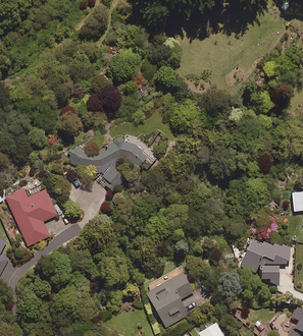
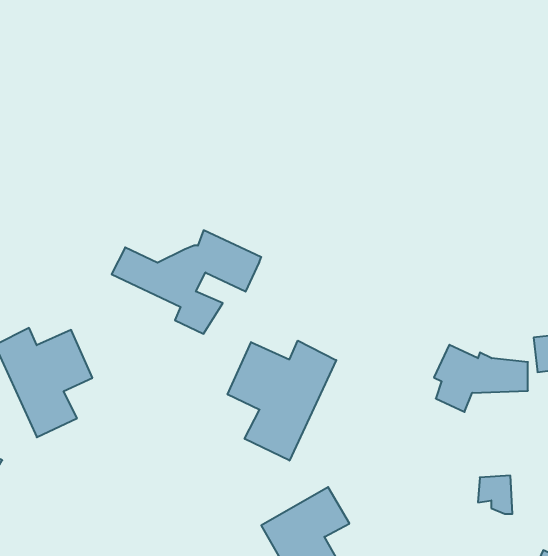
building: none -> [228,341,336,461]
building: [241,237,291,273] -> [434,345,528,412]

